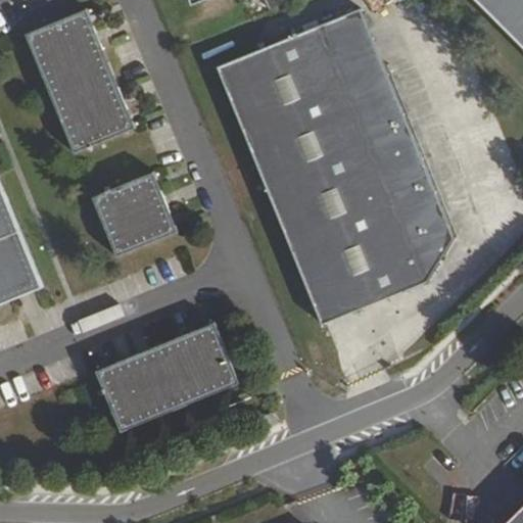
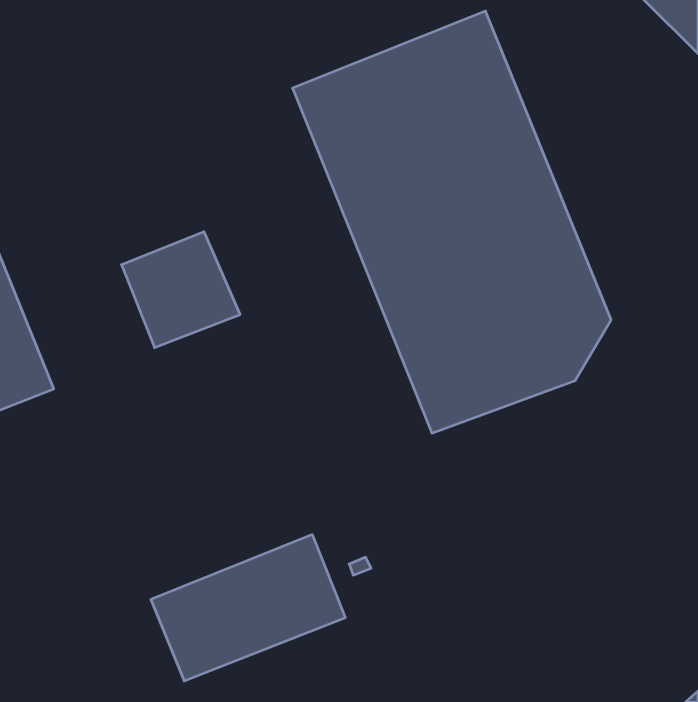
building: [23,9,134,153] -> none
building: [93,324,237,432] -> [151,535,345,681]

